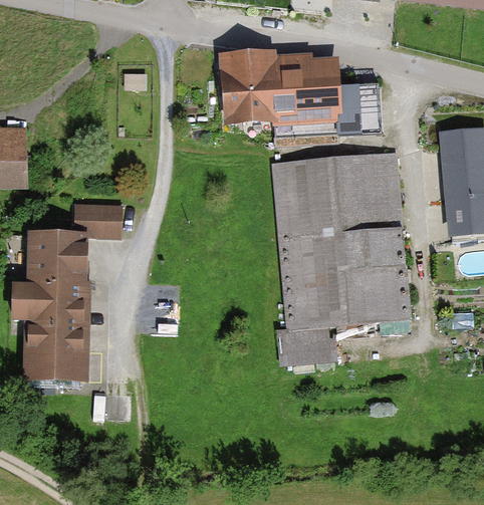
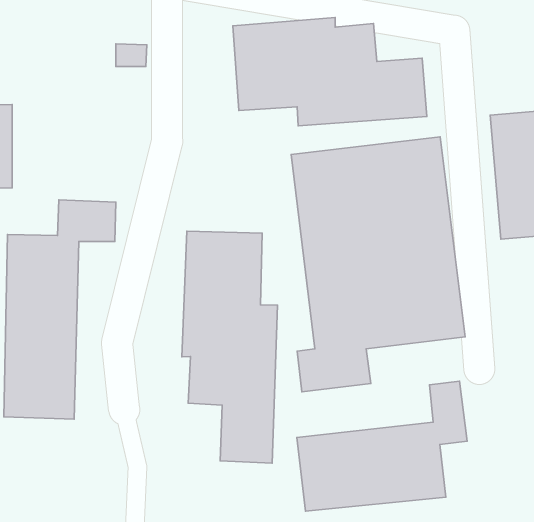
building: none -> [182,231,277,463]
building: none -> [297,381,467,511]

